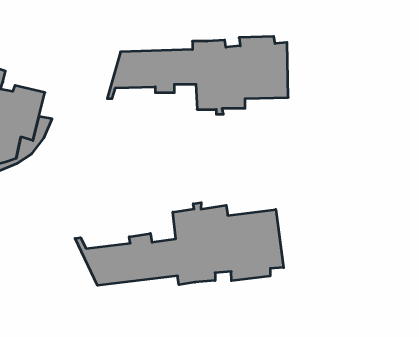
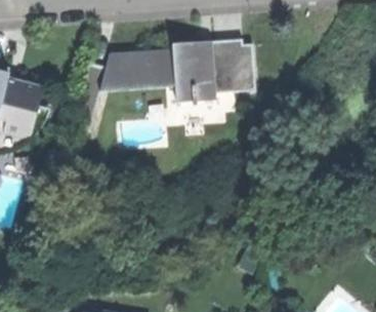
building: [75,203,284,285] -> none

